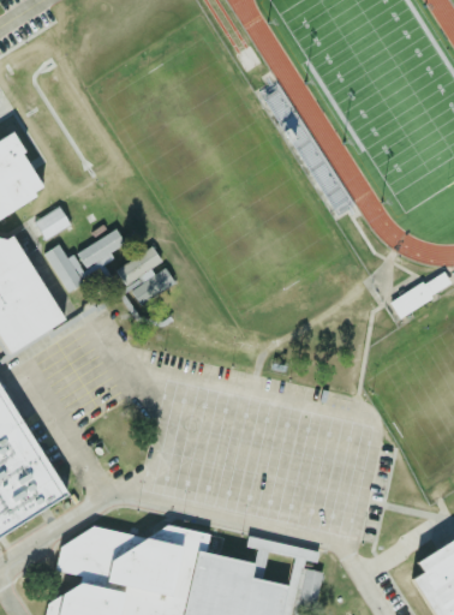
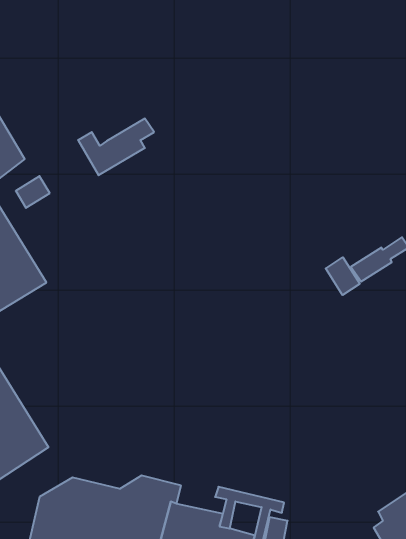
building: [43,229,124,289] -> [78,119,154,175]
building: [114,246,174,305] -> none
building: none -> [326,257,360,295]

